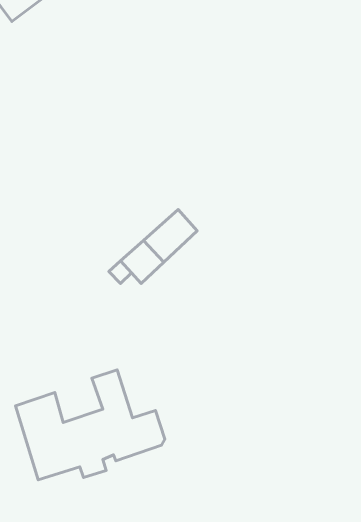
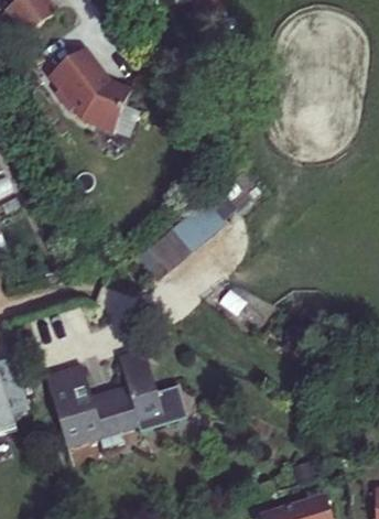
building: none -> [52,51,132,132]

